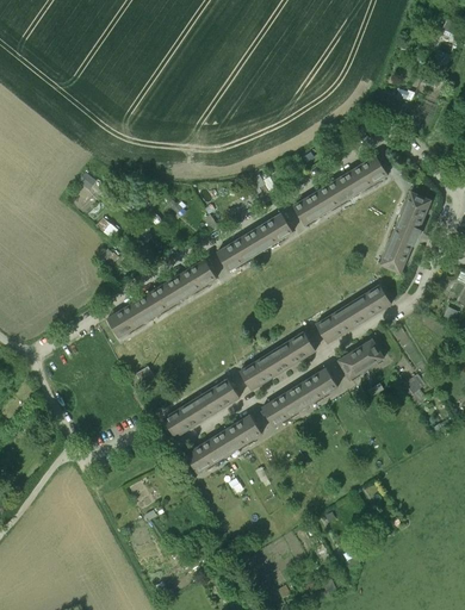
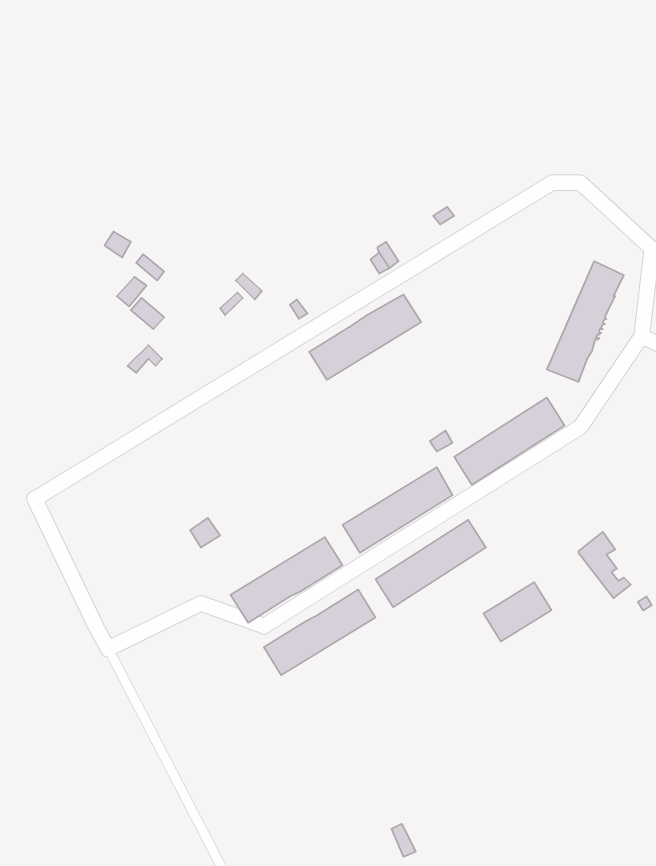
building: [293,156,388,225] -> none
building: [107,260,217,337] -> none
building: [337,338,384,379] -> [483,582,552,642]

